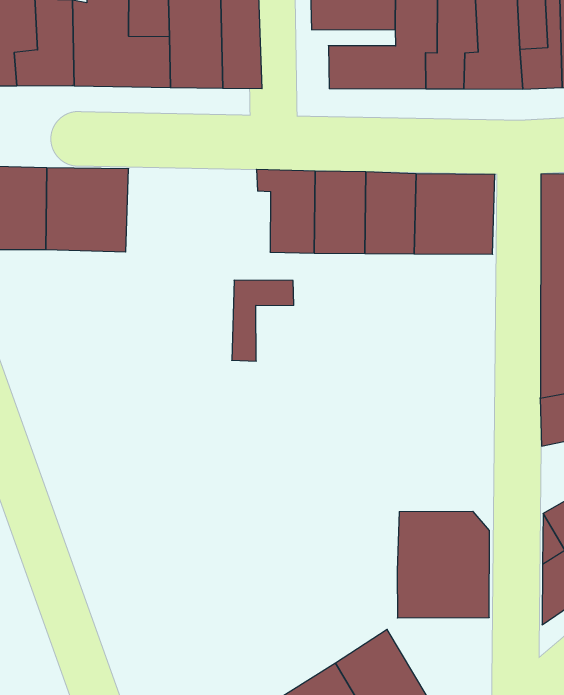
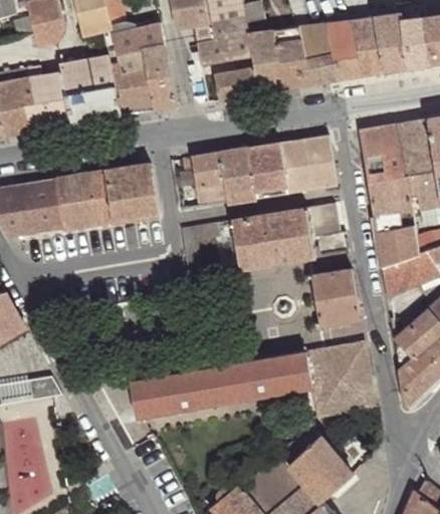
building: none -> [104,163,159,221]
building: none -> [232,202,339,268]
building: none -> [311,267,359,326]
building: none -> [131,351,311,418]

